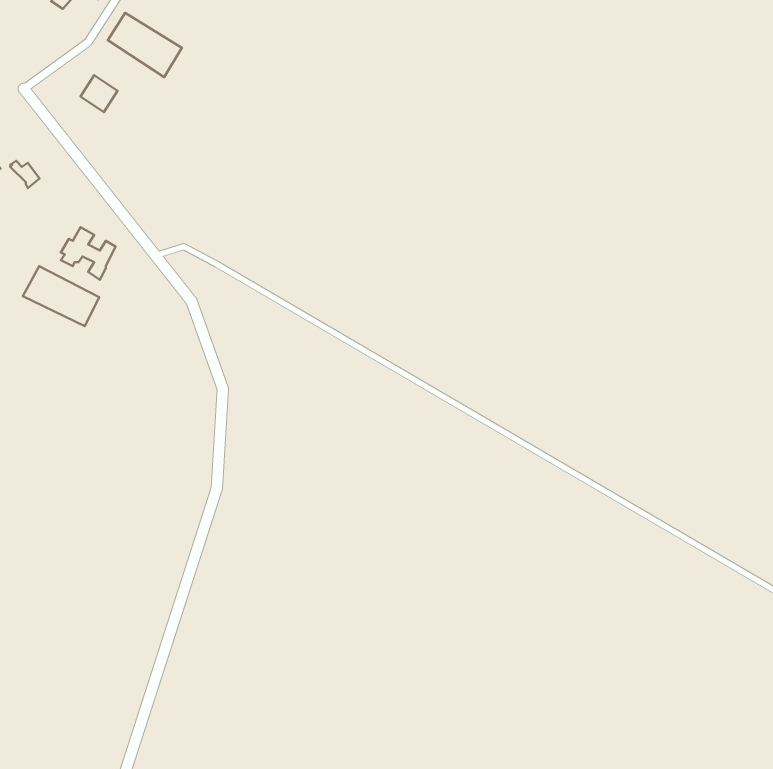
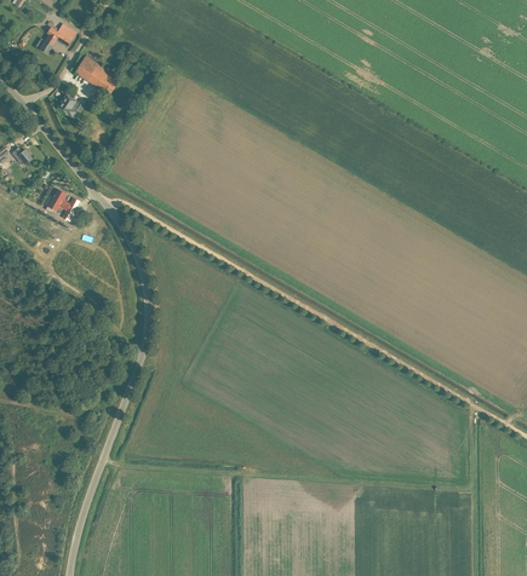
building: [23,266,99,326] -> none

